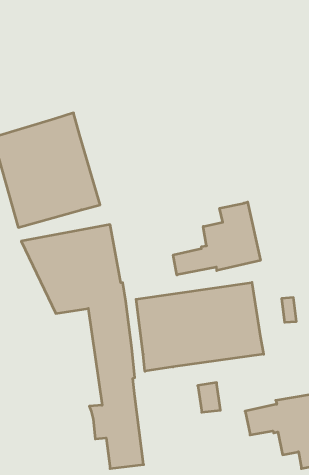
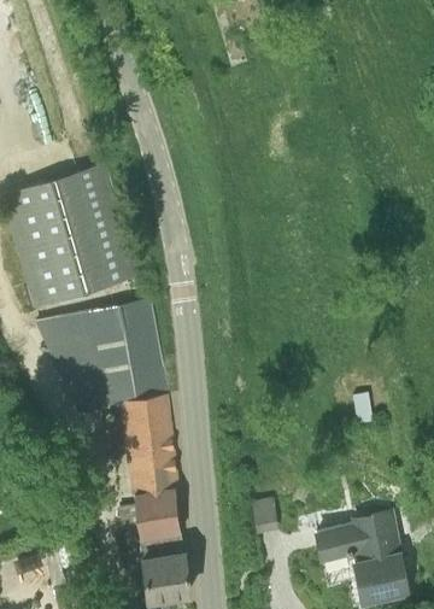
building: [173,202,260,275] -> none
building: [136,282,264,371] -> none

